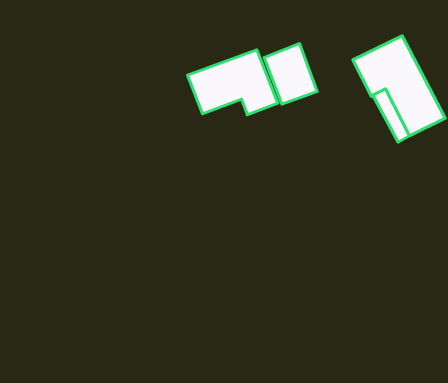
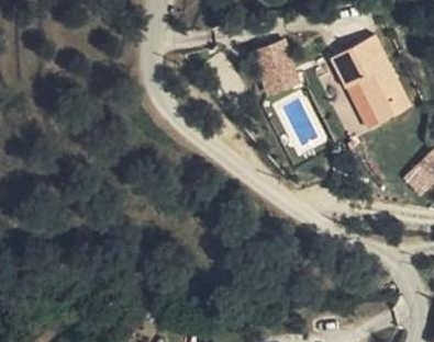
building: [188,50,278,115] -> none

